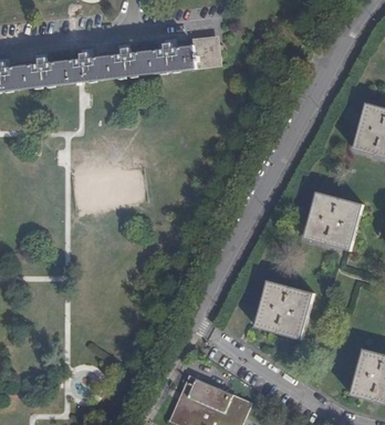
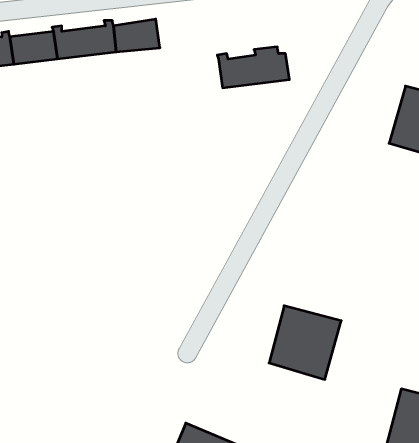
building: [160,38,219,71] -> [217,47,289,88]
building: [302,191,361,250] -> none

